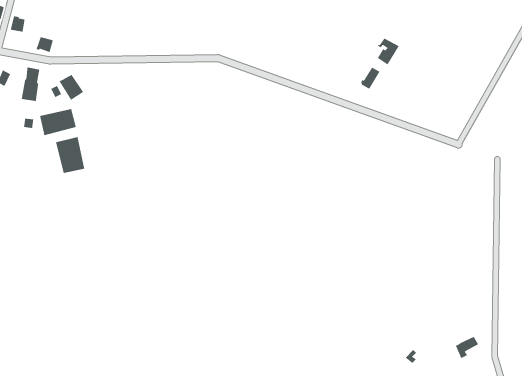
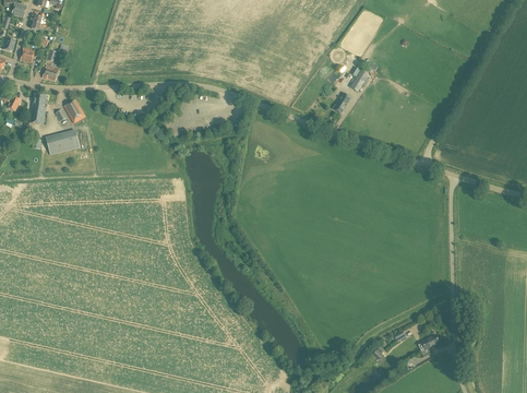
building: [55,136,85,174] -> none

